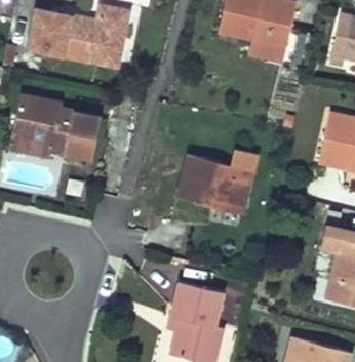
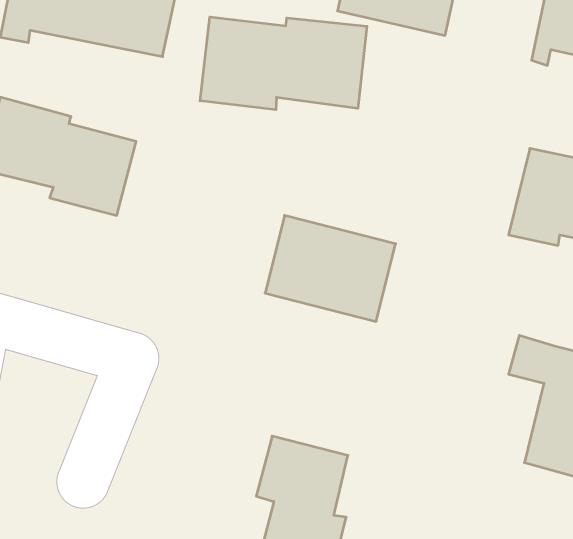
building: none -> [200,17,367,110]

